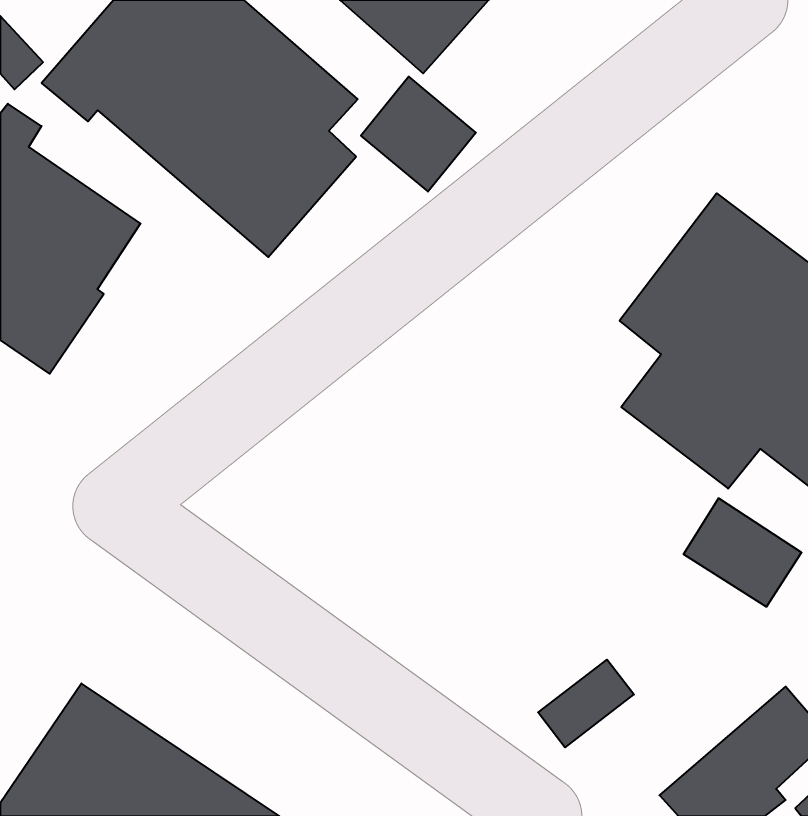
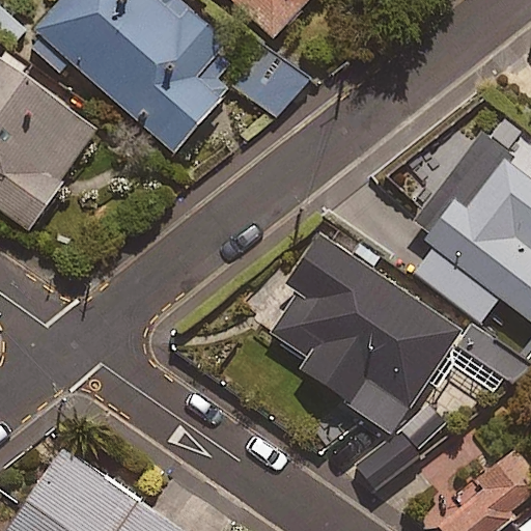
building: none -> [270,227,460,428]

